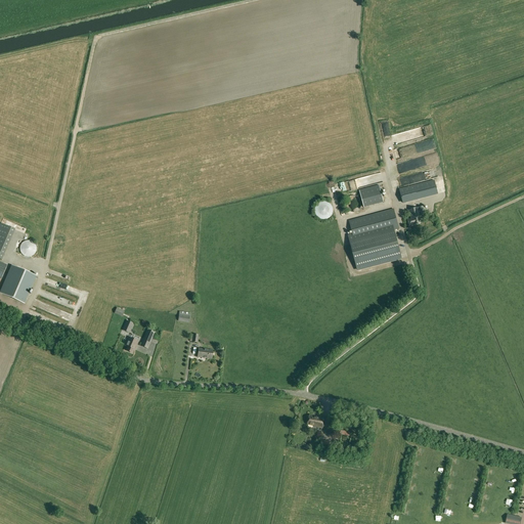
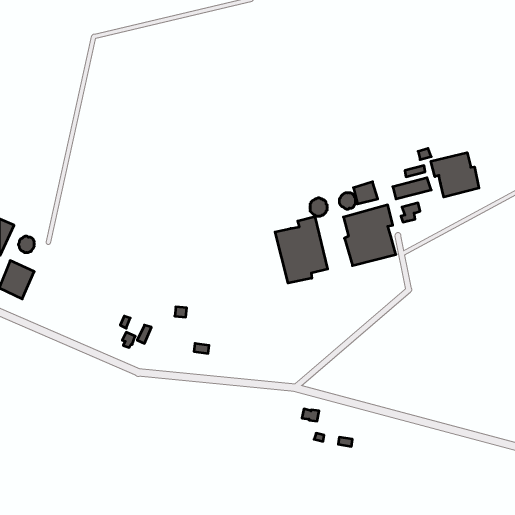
building: none -> [431,153,479,197]
building: none -> [275,216,328,283]

